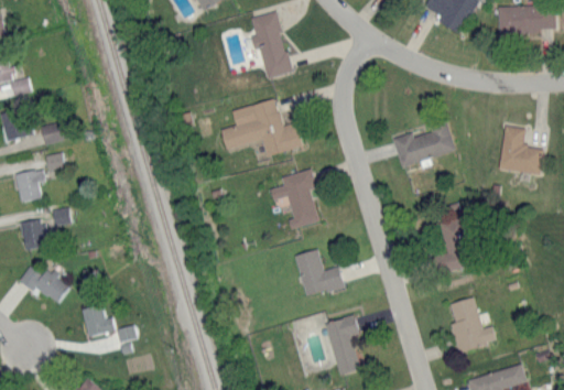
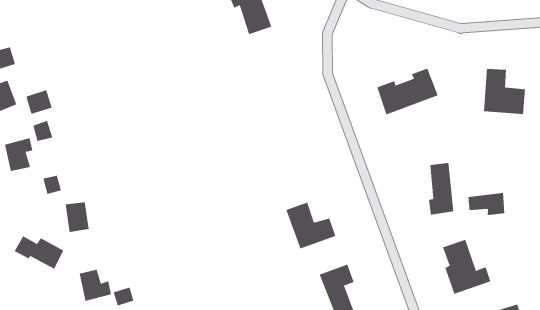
building: [220,99,302,155] -> none
building: [270,170,318,229] -> none
building: [21,220,44,250] -> [65,202,89,232]
building: none -> [468,192,505,216]

